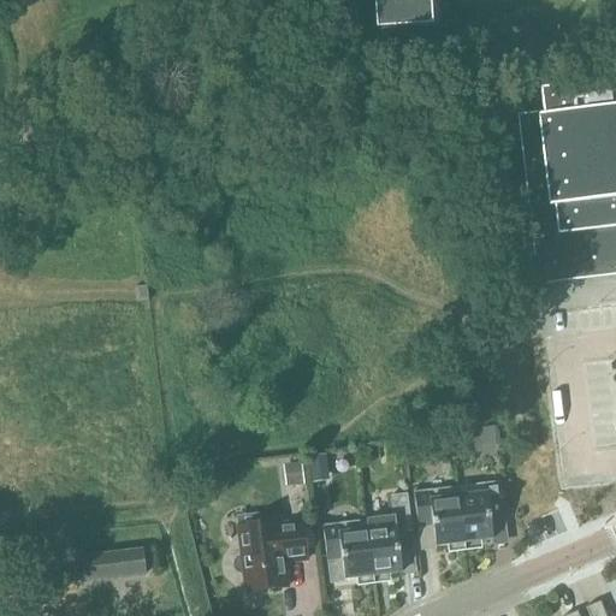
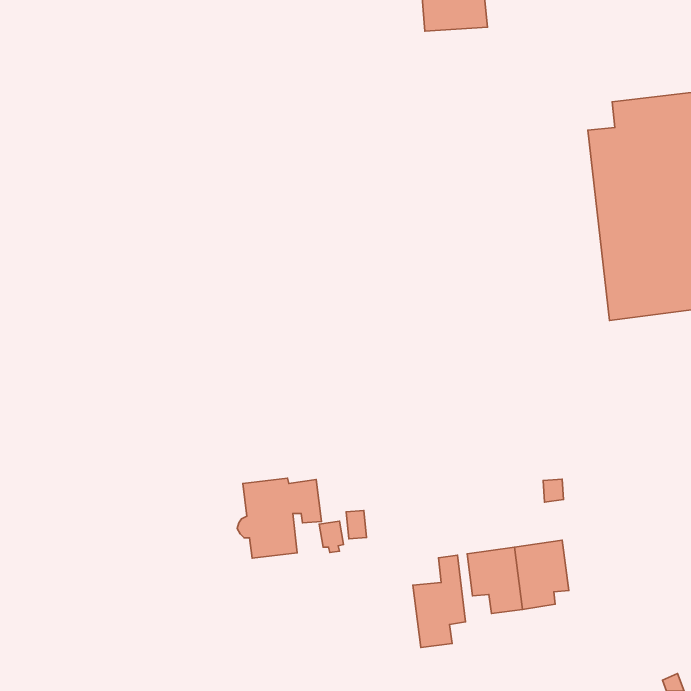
building: [236,519,310,590] -> [237,478,321,558]
building: [325,519,375,578] -> none
building: [77,550,147,581] -> none

